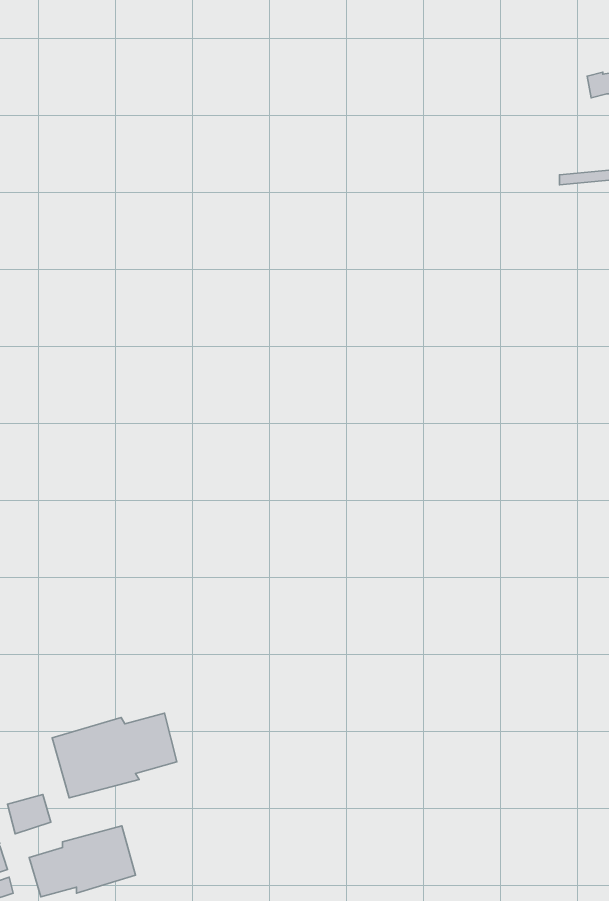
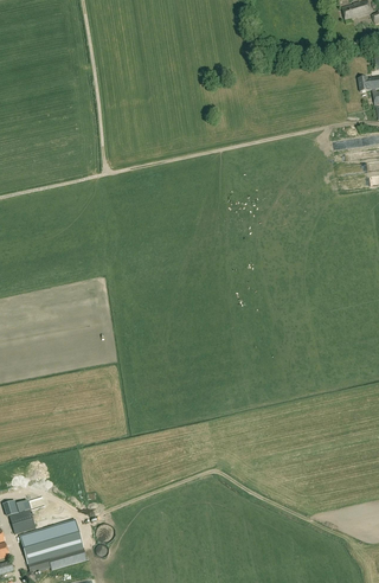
building: [52,713,177,798] -> none

